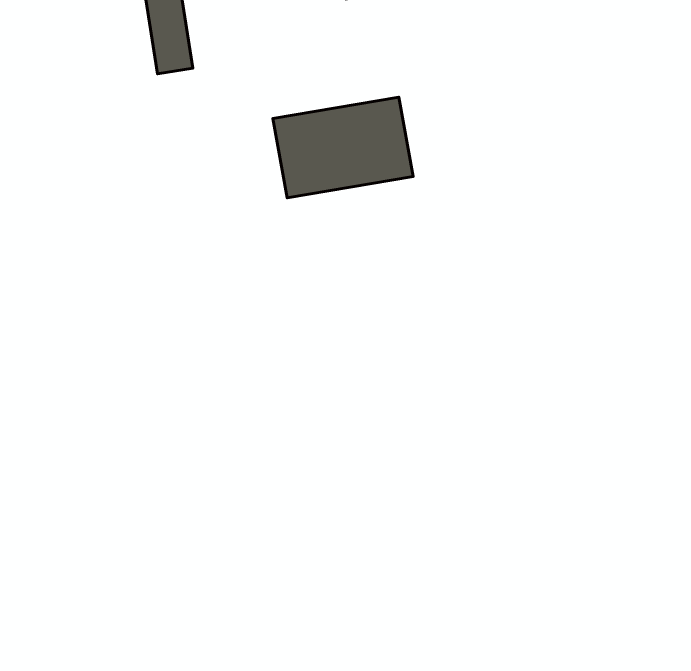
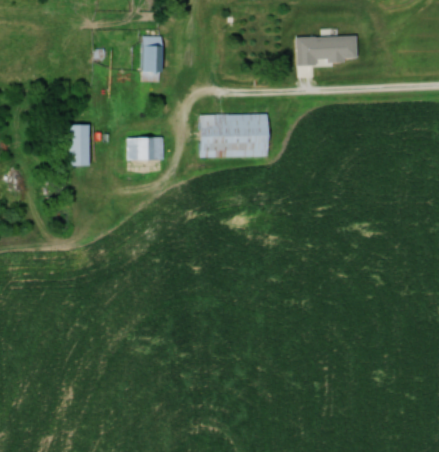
building: none -> [69,124,90,166]
building: none -> [127,137,160,160]

